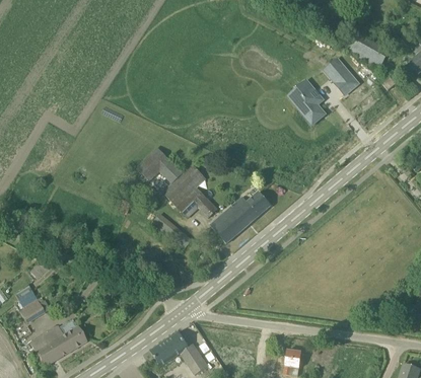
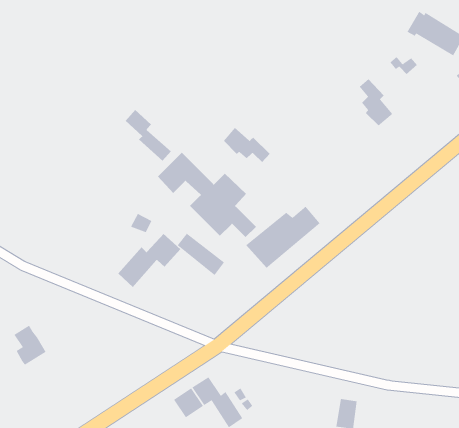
building: none -> [125,109,172,161]
building: none -> [223,127,271,163]
building: none -> [117,233,181,288]
building: [29,325,86,366] -> none

